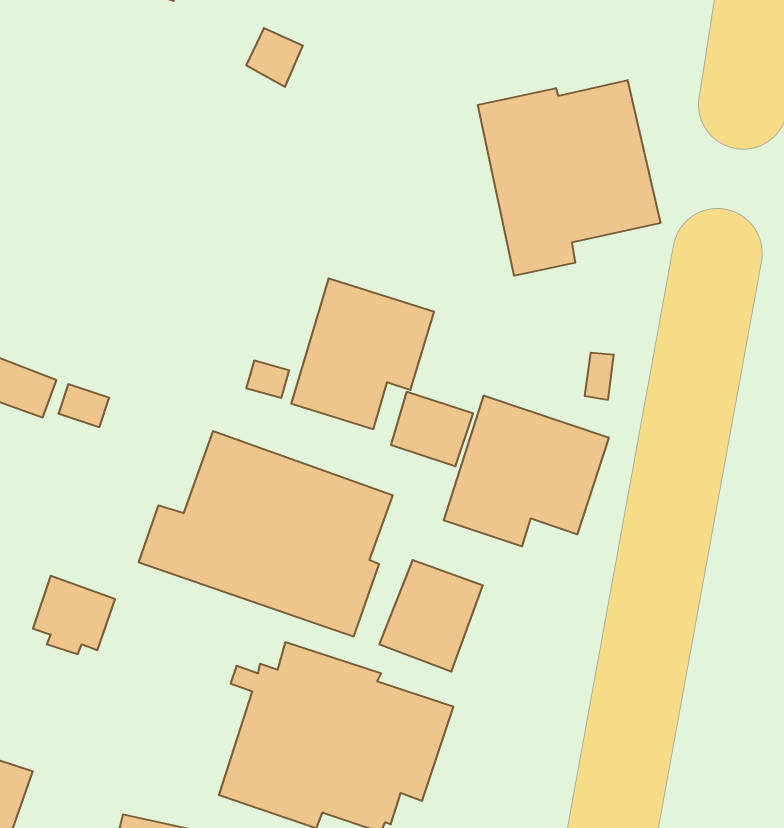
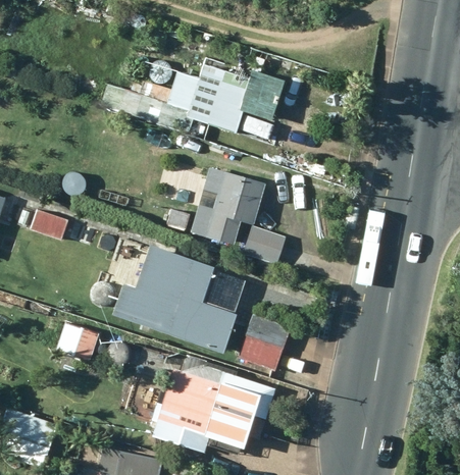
building: none -> [119,54,286,133]
building: [478,80,660,276] -> none
building: [444,395,609,546] -> none

